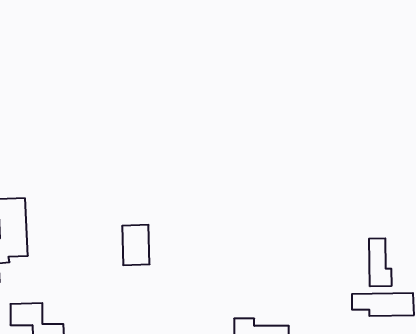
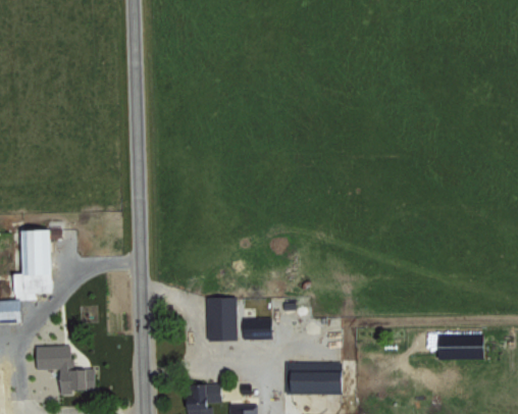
building: [122,225,150,265] -> [207,297,238,342]
building: [369,238,391,286] -> none

